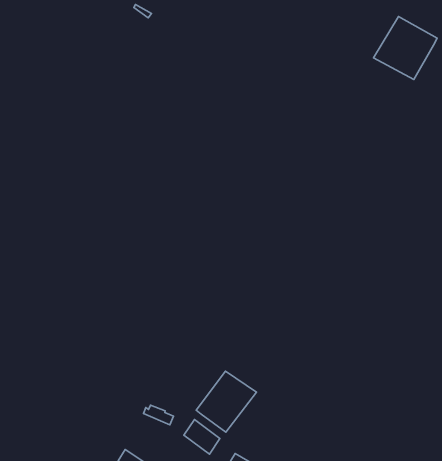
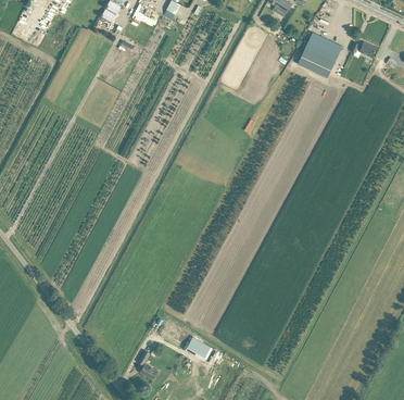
building: [196,371,256,432] -> none

